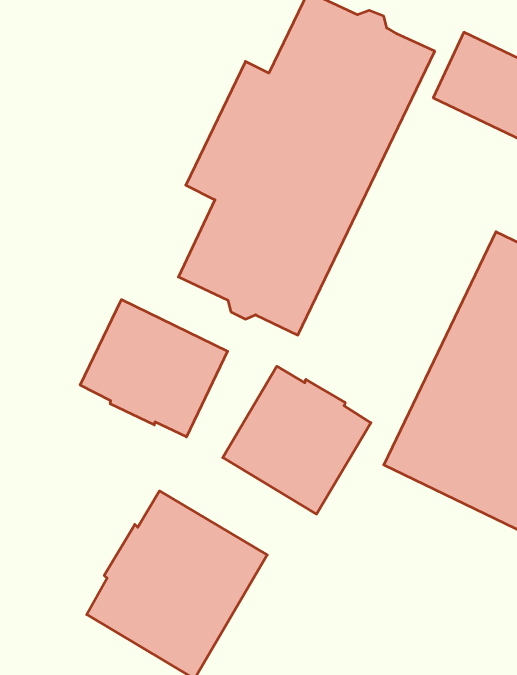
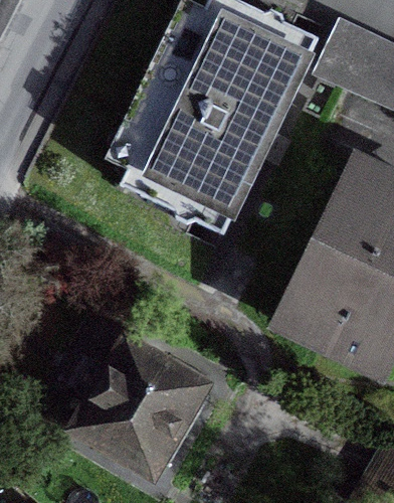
building: [80,300,228,437] -> none
building: [223,366,371,514] -> none

